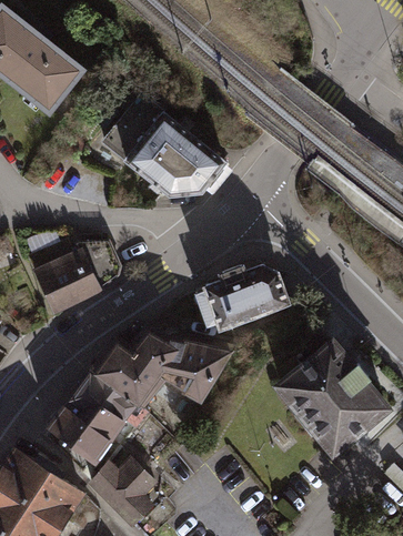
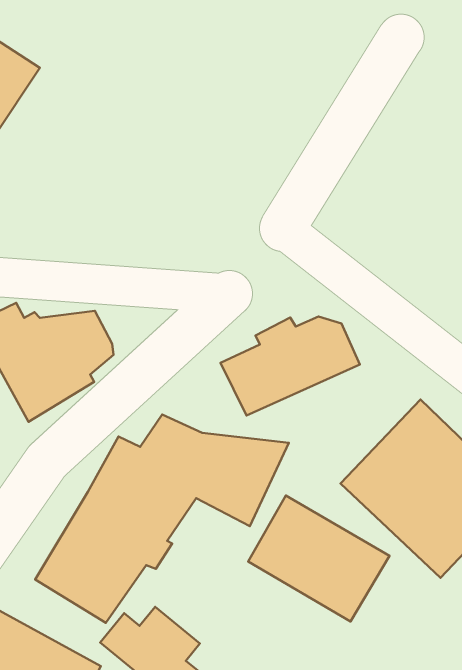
building: [100,92,229,198] -> none
building: none -> [248,495,390,621]

